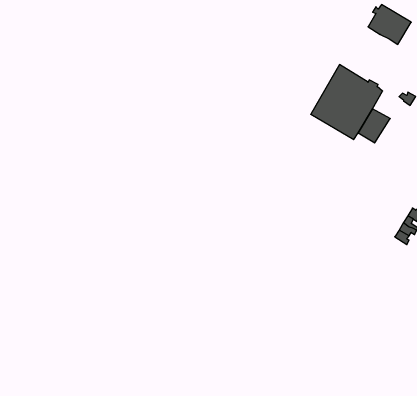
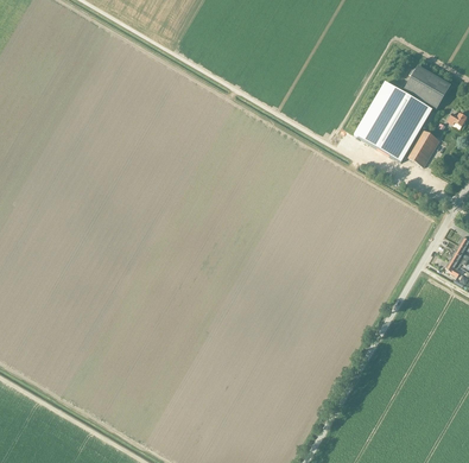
building: [368,5,411,44] -> [404,66,450,109]

